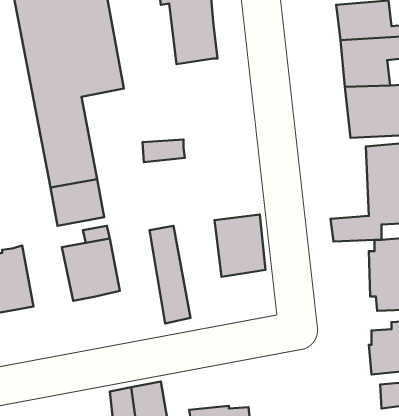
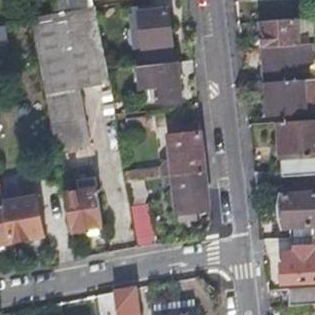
building: none -> [138,61,182,101]
building: none -> [125,133,205,182]

